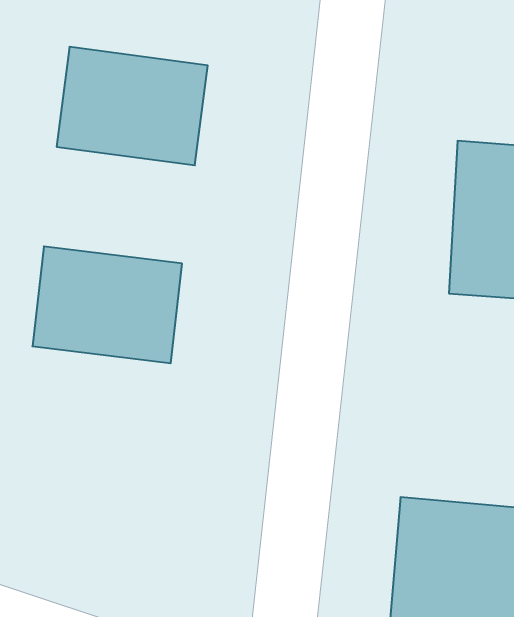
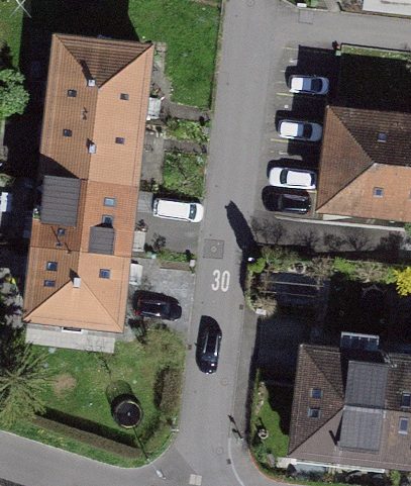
building: none -> [38,109,145,192]
building: none -> [21,251,128,332]

